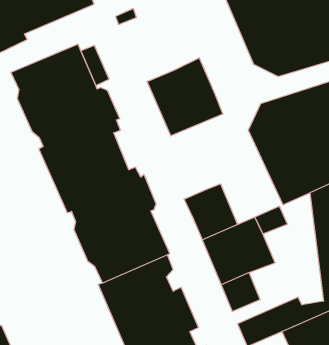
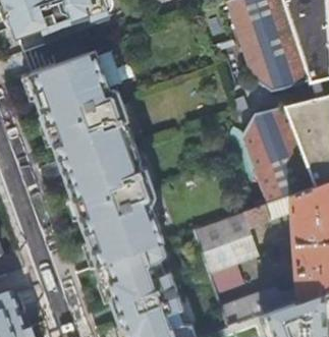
building: [147,58,223,136] -> none
building: [184,184,238,240] -> none

